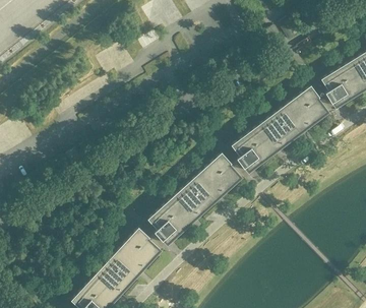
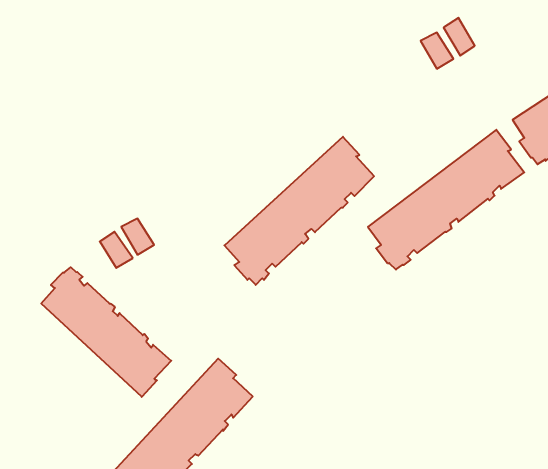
building: [148,151,241,243] -> [224,137,374,285]
building: none -> [41,267,171,397]

